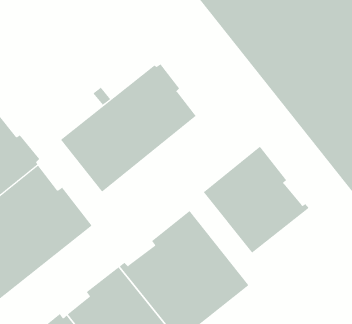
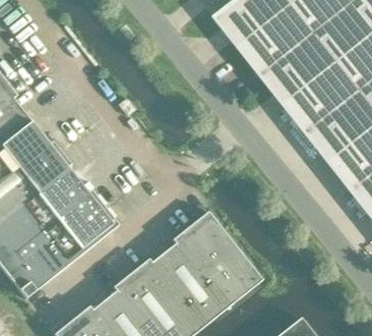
building: [60,64,197,193] -> none
building: [203,146,309,253] -> none

